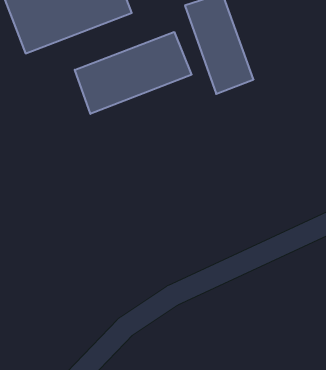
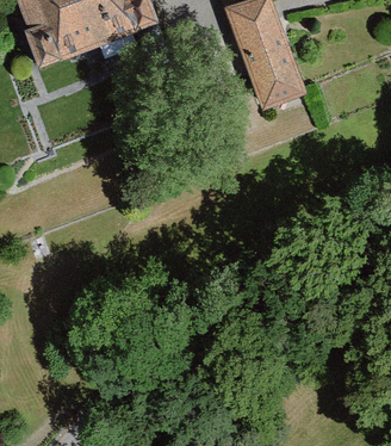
building: [75,32,192,114] -> none

